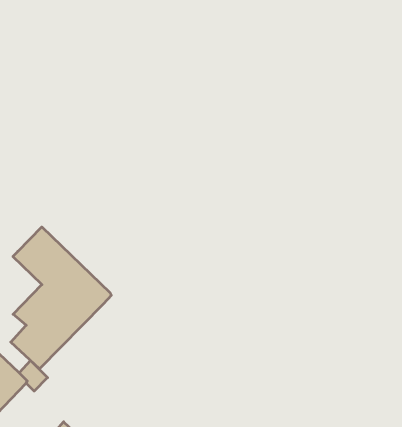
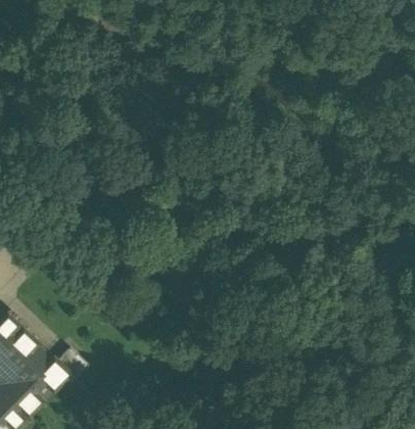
building: [11,227,111,369] -> none

